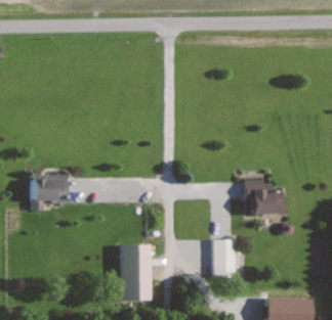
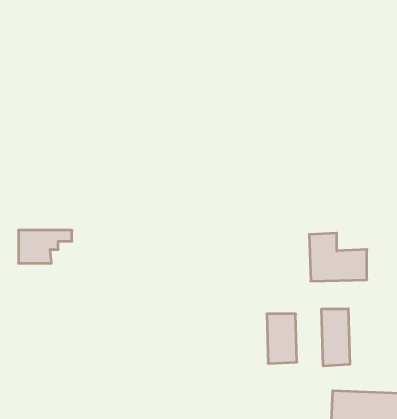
building: none -> [322,309,350,366]
building: [121,244,154,301] -> none

